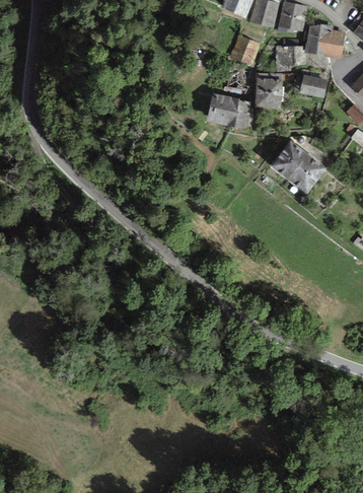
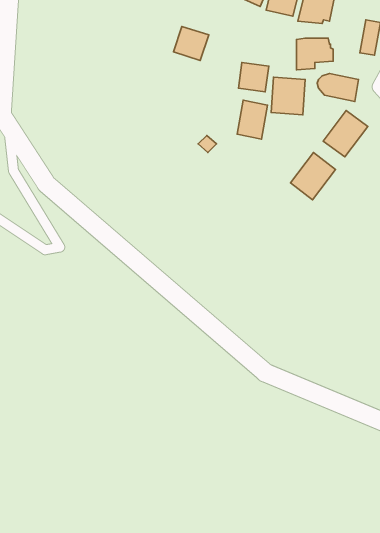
building: [305,21,334,57] -> none
building: [230,36,260,64] -> [173,26,209,60]
building: [207,93,231,125] -> none
building: [289,154,326,193] -> [323,111,368,157]

